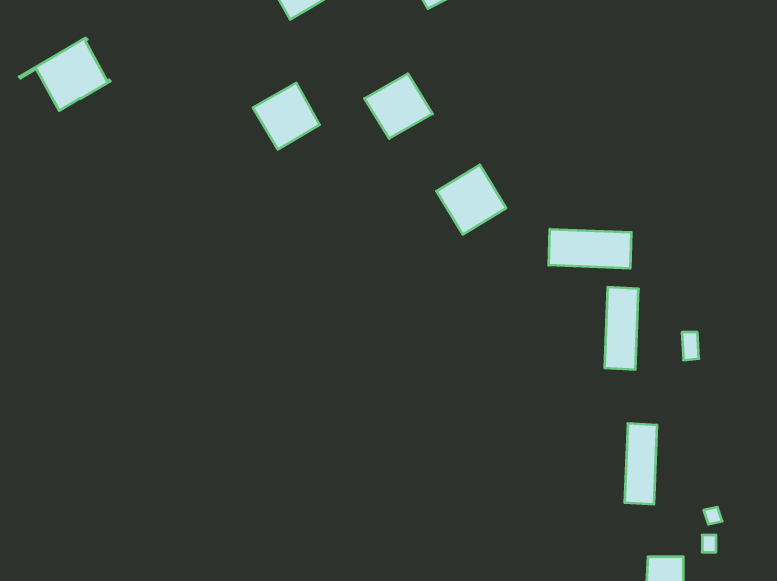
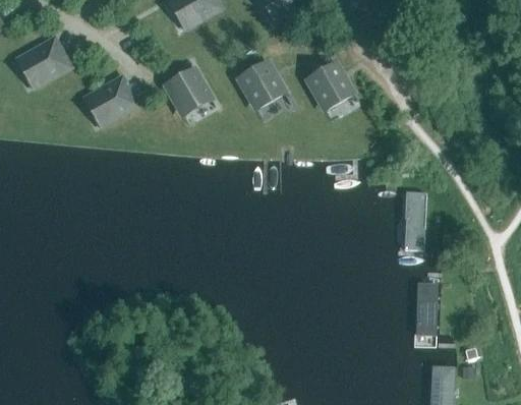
building: none -> [81,77,140,125]
building: [436,165,506,234] -> [305,62,351,108]
building: [549,229,631,268] -> none

